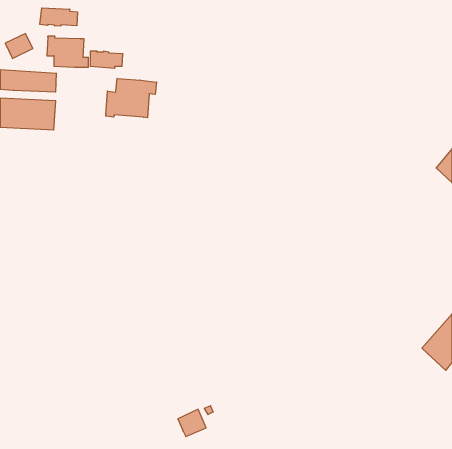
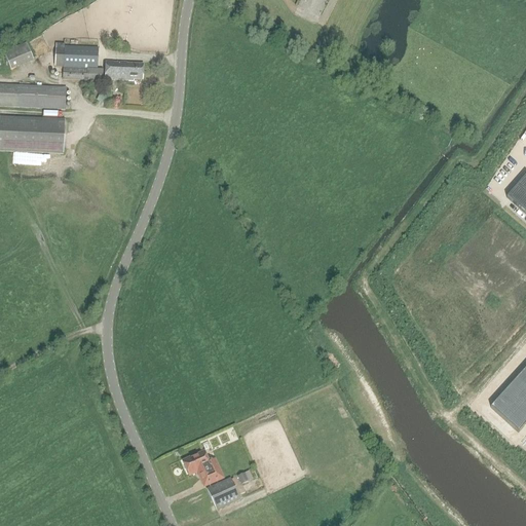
building: [40,8,77,26] -> none
building: [106,78,157,118] -> none
building: none -> [183,449,223,485]

